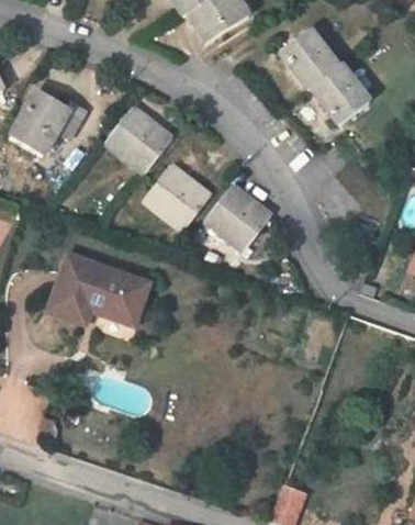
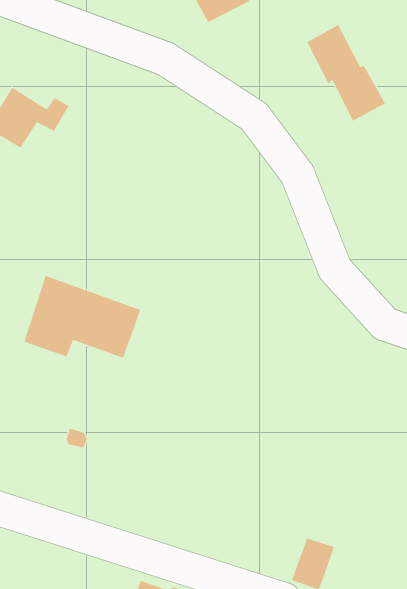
building: [112,108,171,168] -> none
building: [148,167,210,227] -> none
building: [208,187,270,249] -> none

